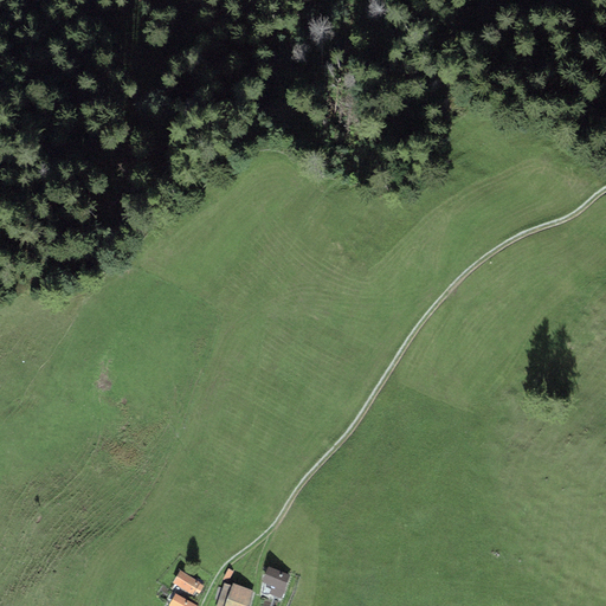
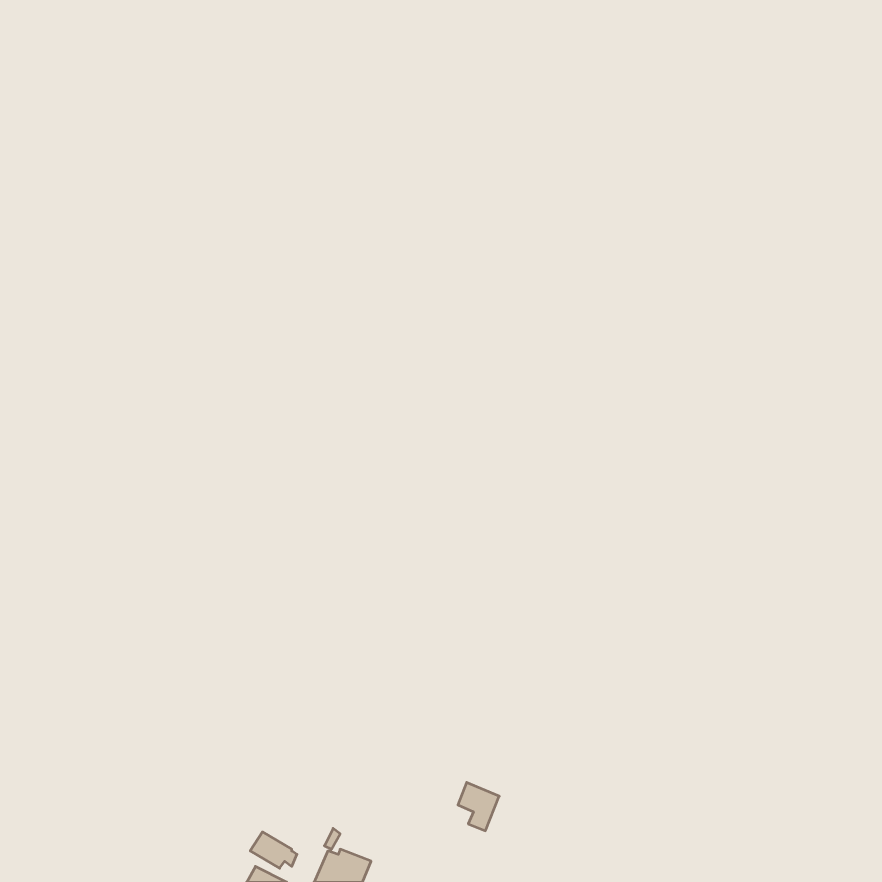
building: [262,566,290,599] -> [458,782,499,831]

